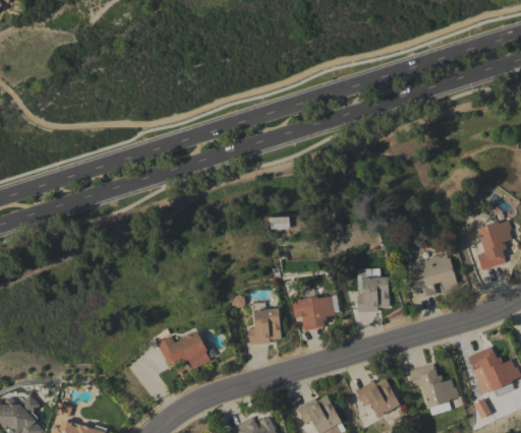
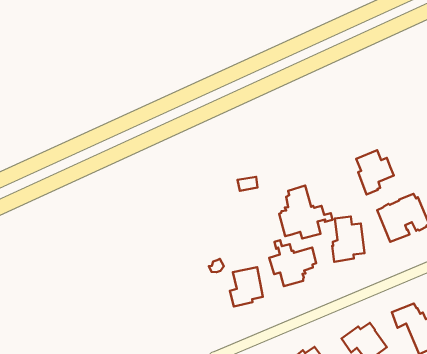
building: none -> [356,150,394,195]
building: none -> [279,185,332,239]
building: [157,330,211,368] -> none

